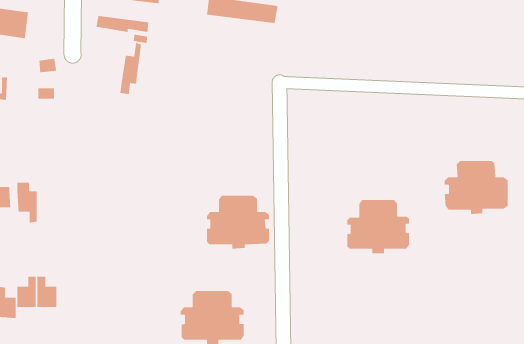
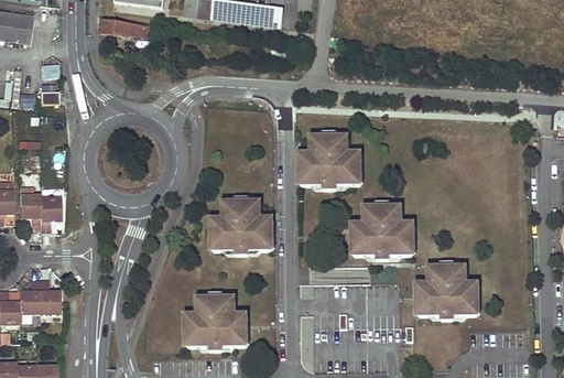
building: [119,42,142,95] -> none
building: none -> [297,132,361,187]
building: [444,160,508,215] -> [414,263,479,318]
building: none -> [40,197,61,229]

